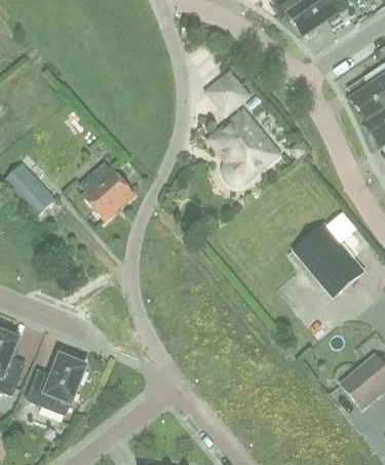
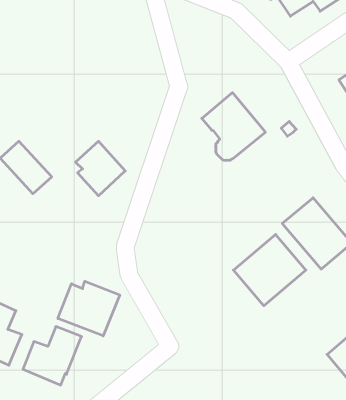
building: [208,74,245,106] -> none
building: none -> [233,234,306,306]
building: none -> [58,281,120,336]

